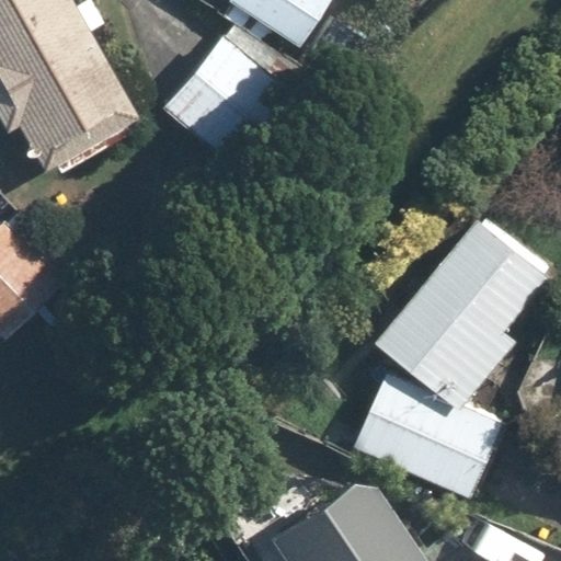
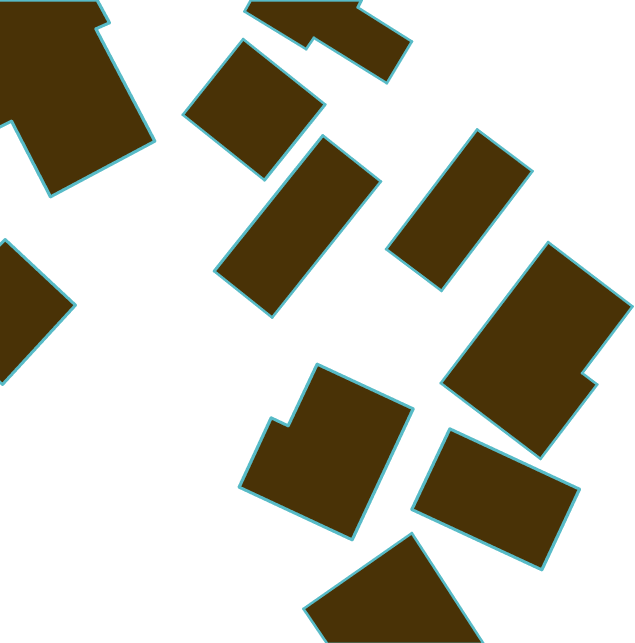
building: none -> [386,129,532,291]
building: none -> [214,135,381,317]
building: none -> [239,364,413,540]

